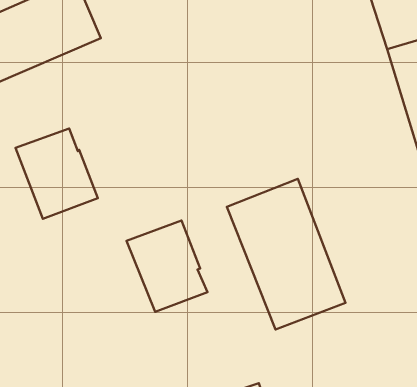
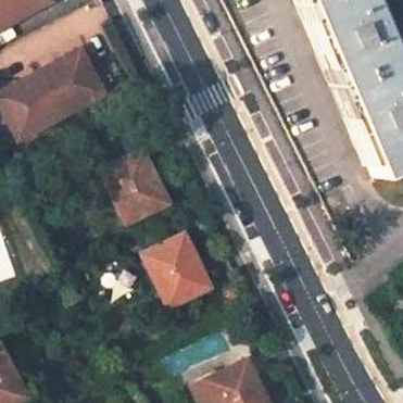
building: [15,129,98,219] -> [100,149,169,223]
building: [227,179,346,330] -> none

